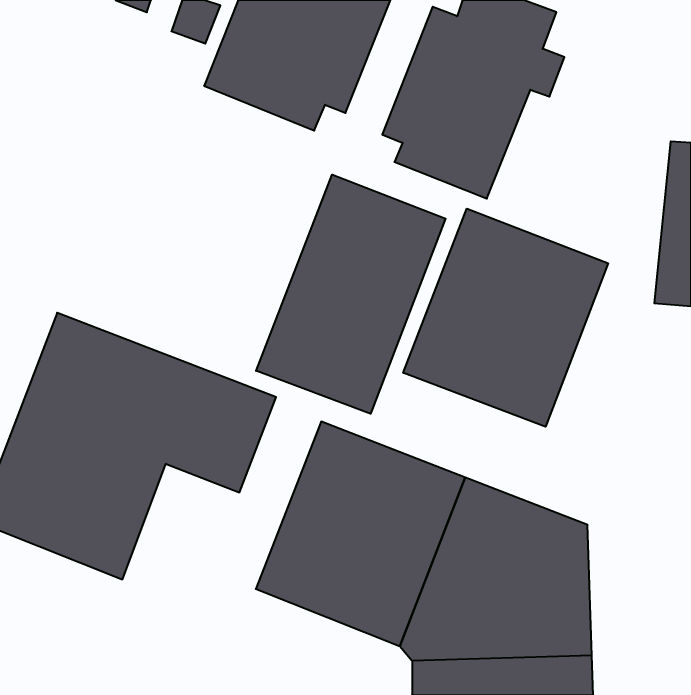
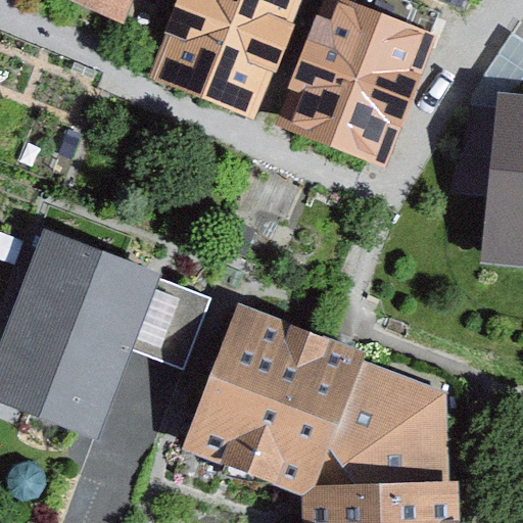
building: [256,175,446,414] -> none
building: [403,209,608,427] -> none

